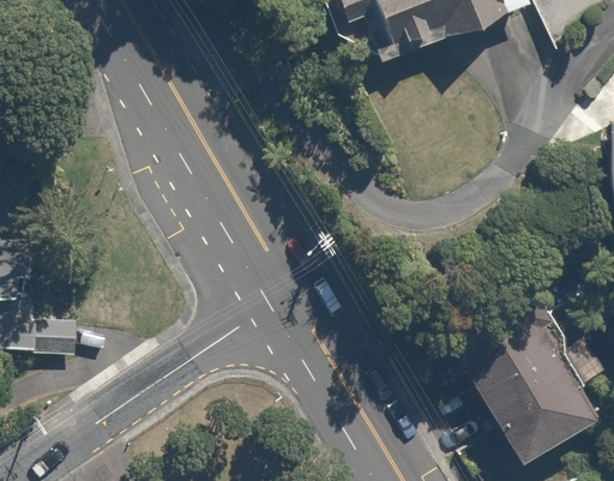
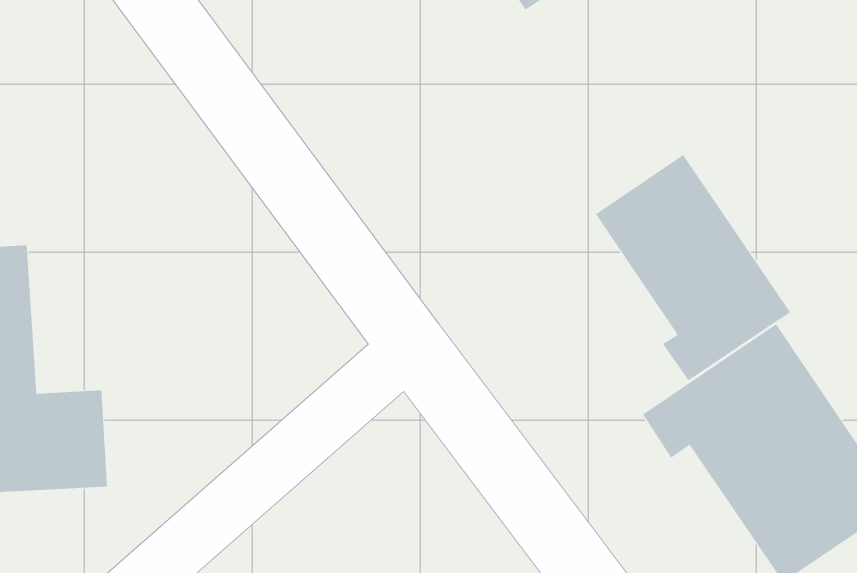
building: none -> [595,154,791,381]

